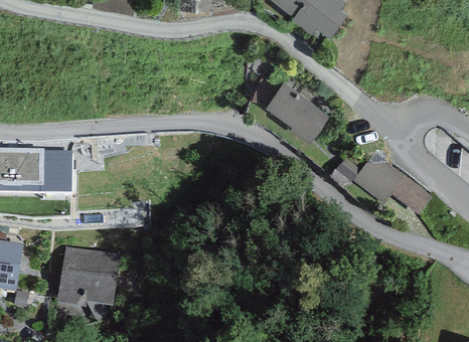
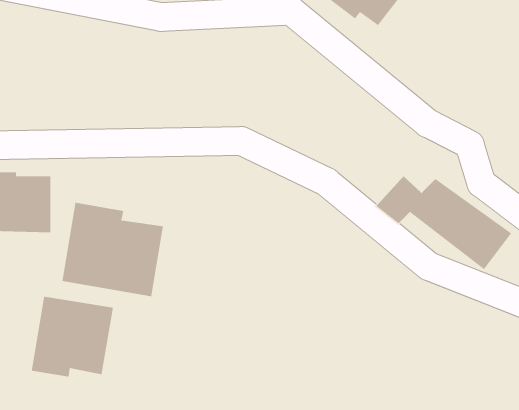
building: [262,78,326,139] -> none
building: none -> [61,202,164,297]

